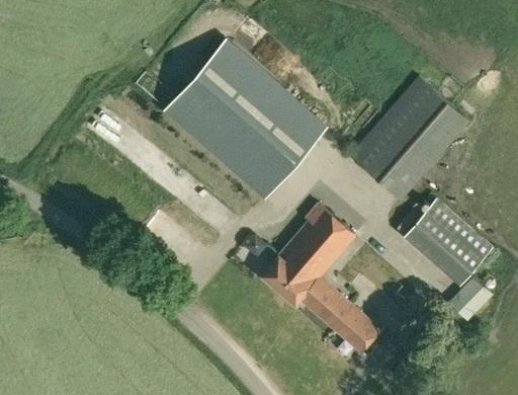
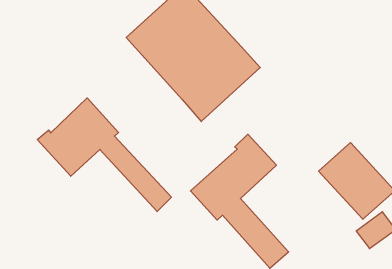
building: [351,76,469,199] -> none
building: none -> [37,98,171,212]

